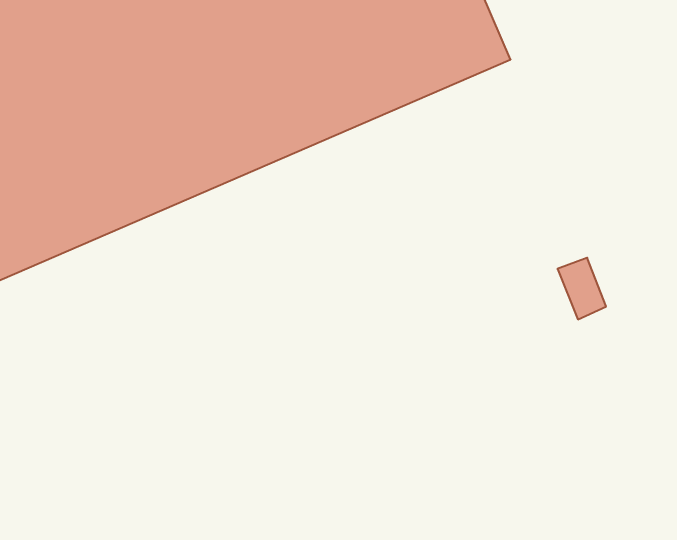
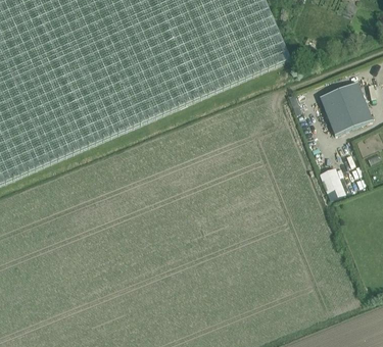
building: none -> [321,83,374,136]

